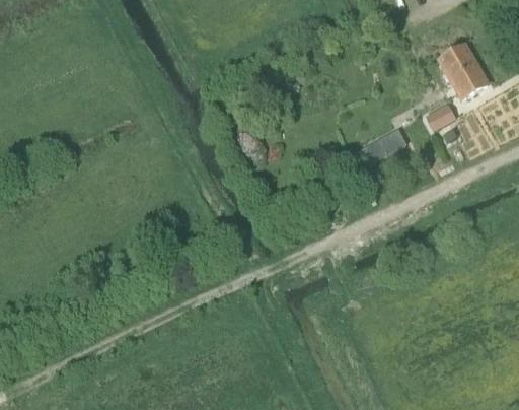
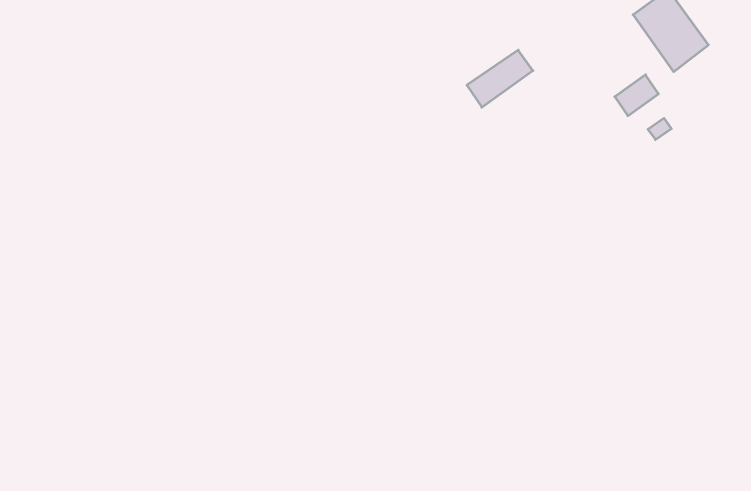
building: [362,131,405,165] -> [467,50,533,107]

